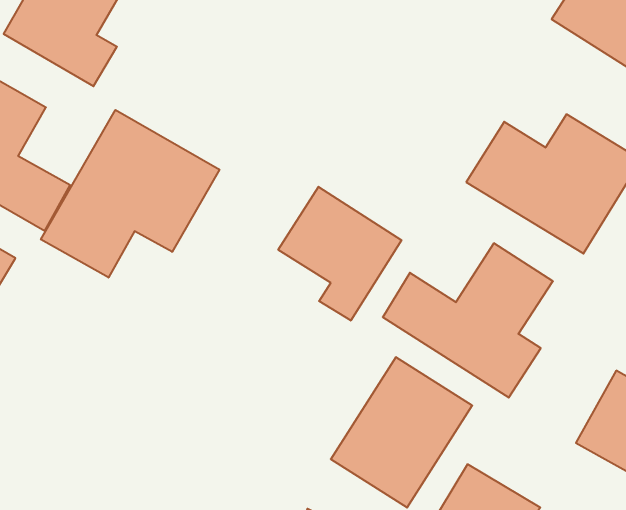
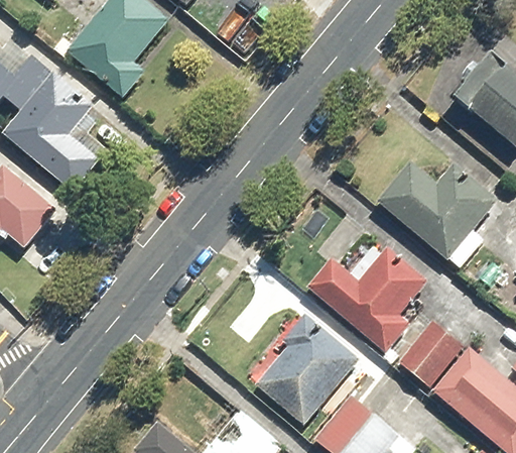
building: [41,110,219,278] -> none
building: [278,187,401,321] -> none
building: none -> [396,324,453,382]

